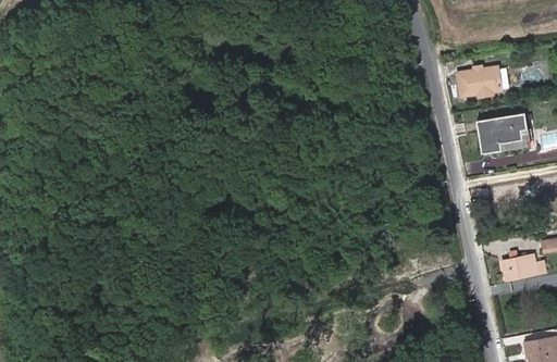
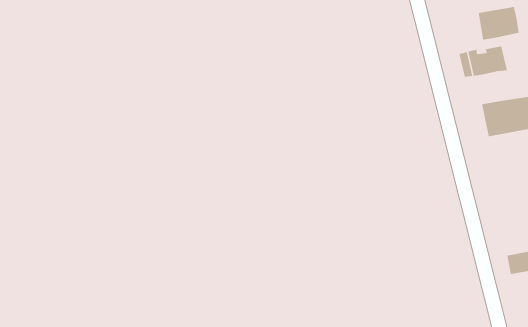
building: none -> [478,6,520,41]

